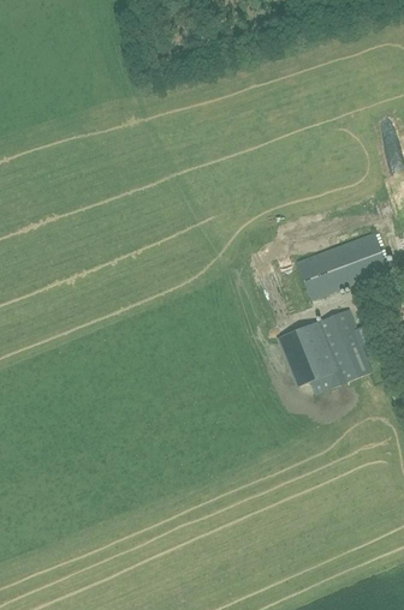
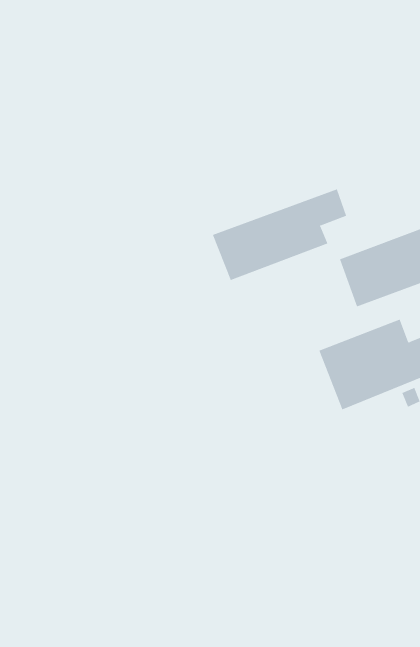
building: none -> [212,189,347,281]

